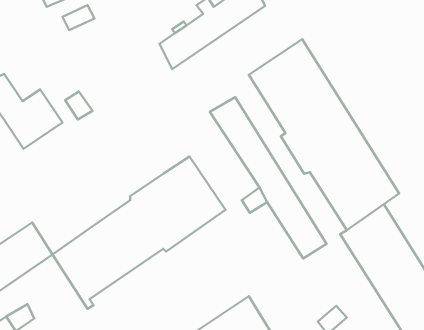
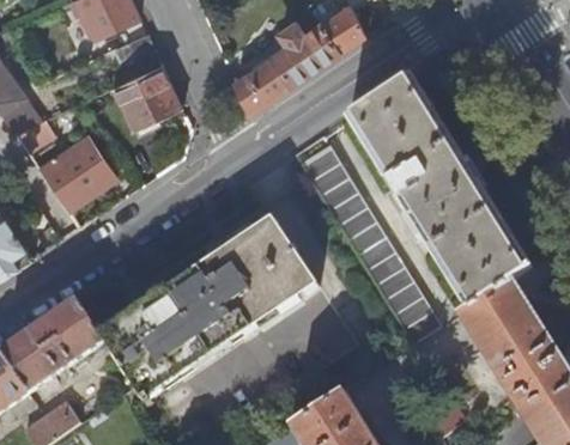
building: none -> [111,62,182,129]

